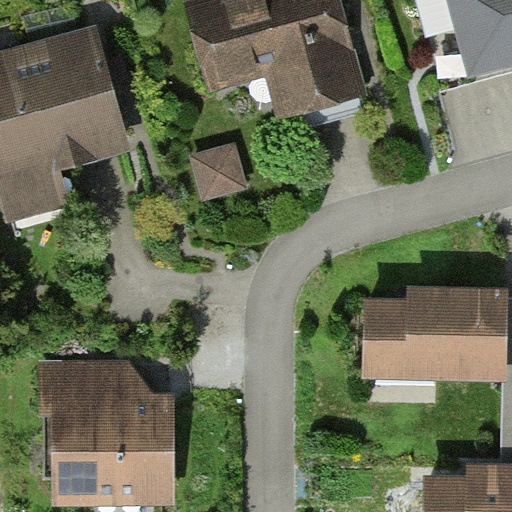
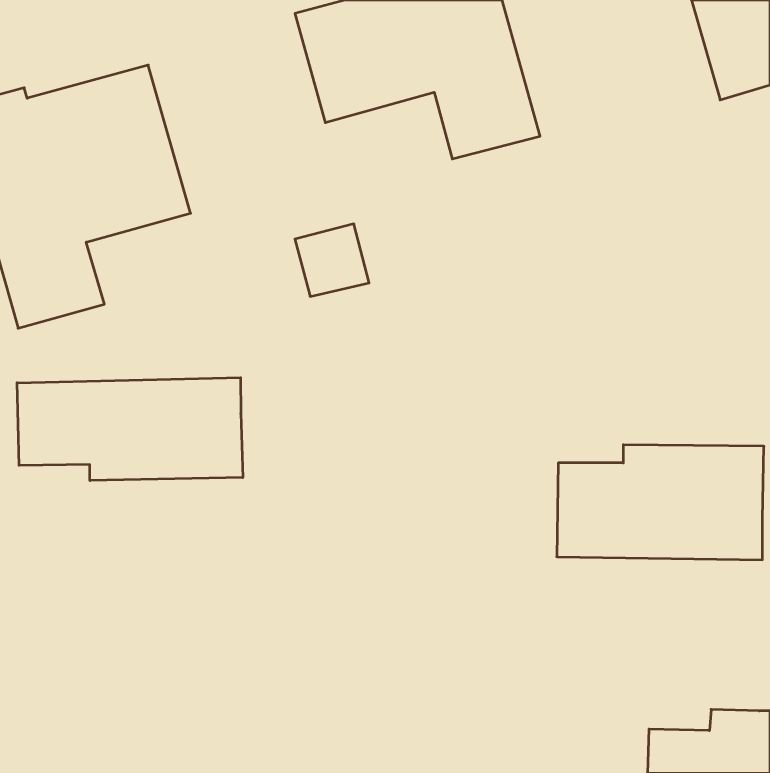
building: none -> [17,378,243,481]
building: [40,365,171,494] -> none

